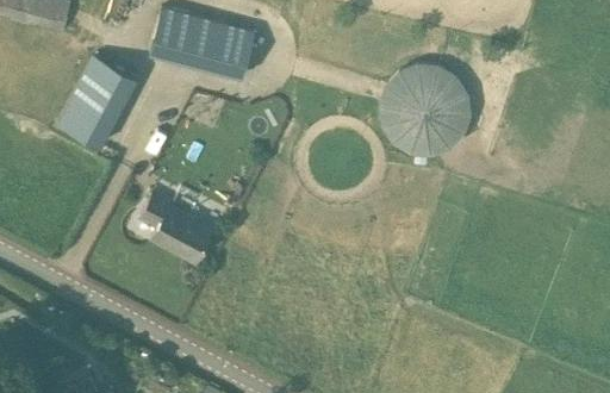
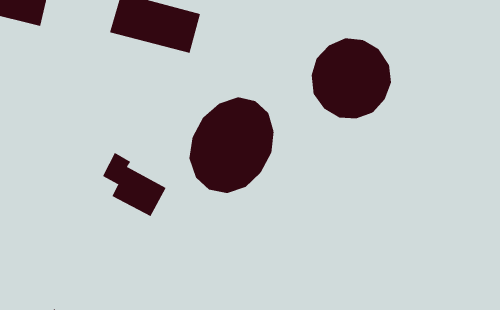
building: [56,55,136,149] -> none
building: none -> [189,96,274,194]

